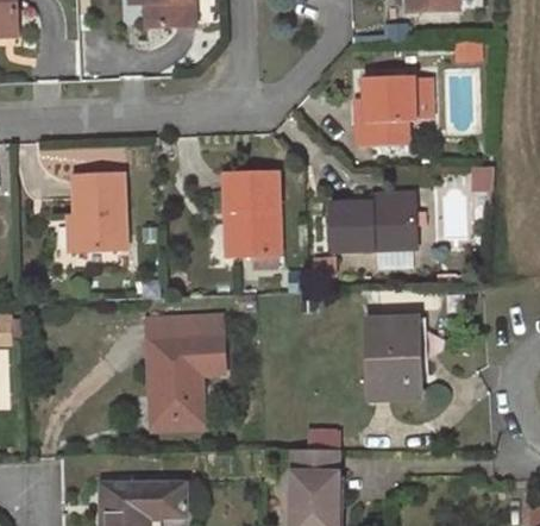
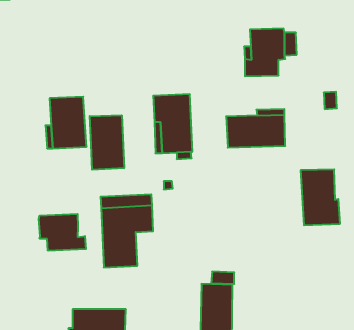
building: none -> [90,115,124,170]
building: [365,318,422,399] -> [301,169,340,225]
building: none -> [39,214,86,251]

